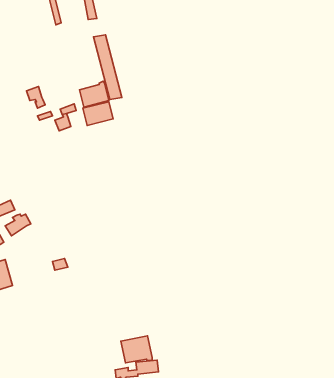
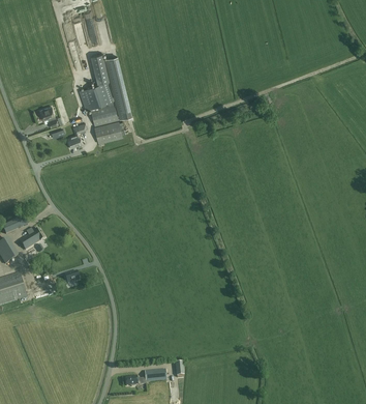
building: none -> [78,53,113,110]
building: [121,336,152,363] -> none

